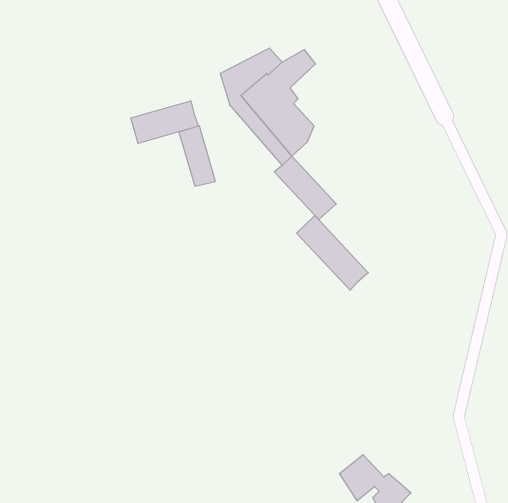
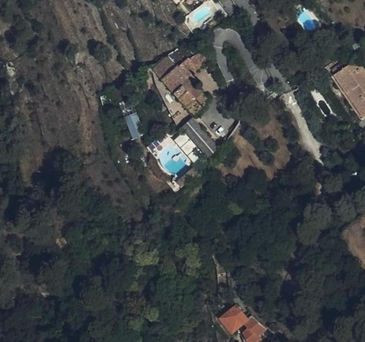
building: [131,101,198,143] -> none
building: [297,216,368,290] -> none

